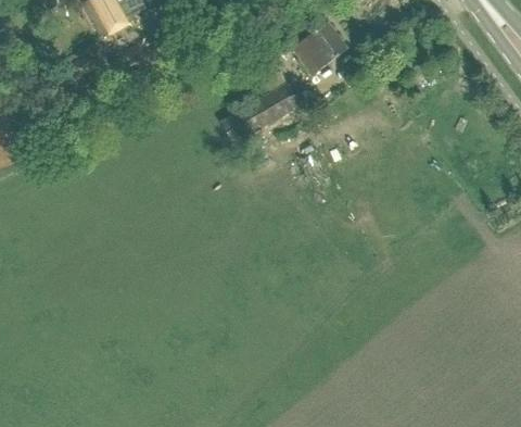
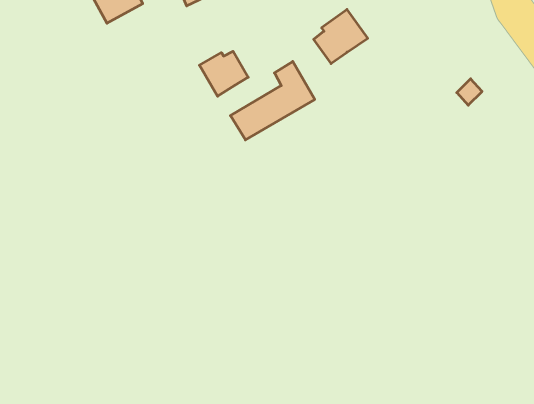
building: none -> [199,51,248,96]

